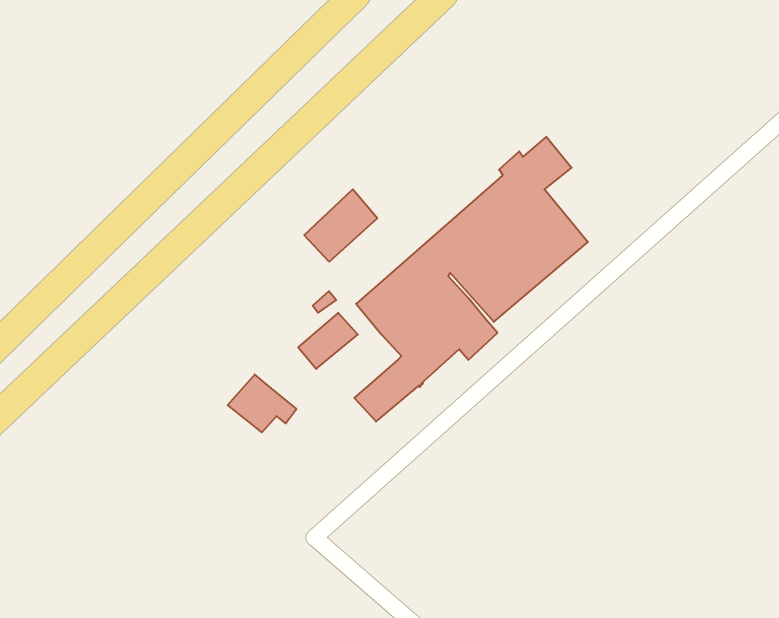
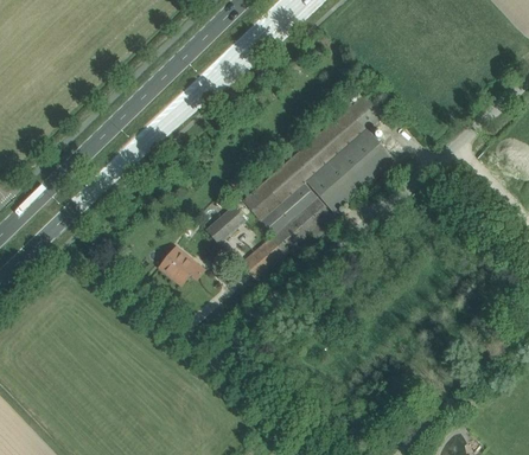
building: [304,189,377,262] -> none

